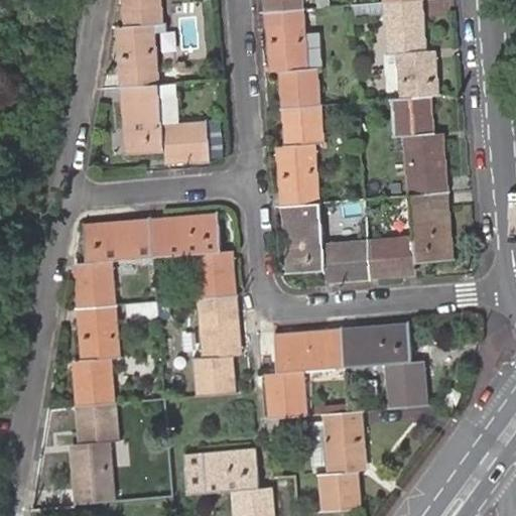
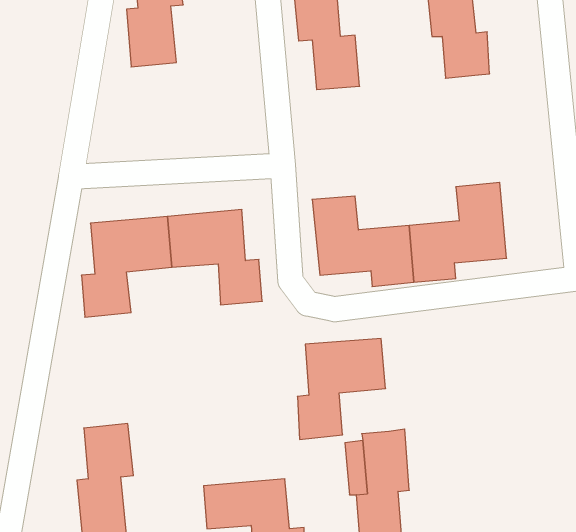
building: [118,82,209,162] -> none
building: [390,93,446,192] -> none
building: [275,103,327,204] -> none
building: [191,294,240,396] -> none
building: [73,304,123,407] -> none
building: [341,321,428,406] -> none

